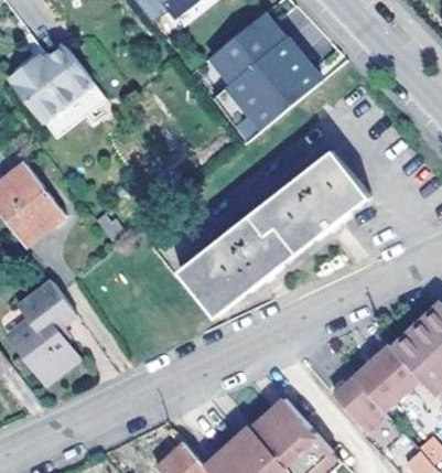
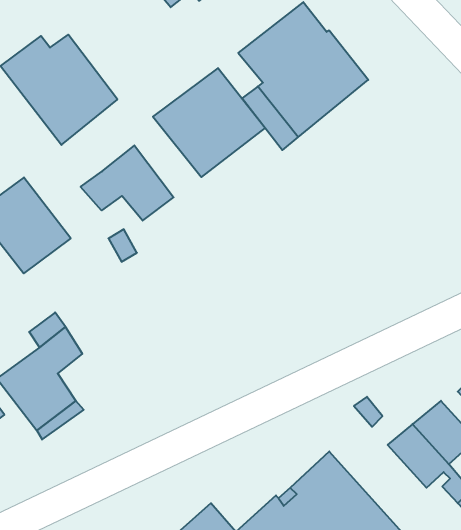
building: none -> [153,68,265,177]
building: none -> [81,145,174,221]
building: [180,148,371,314] -> none

